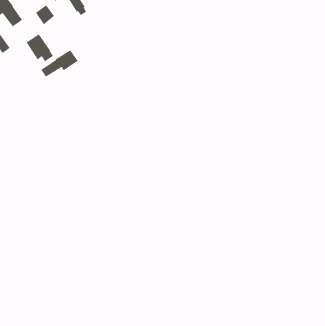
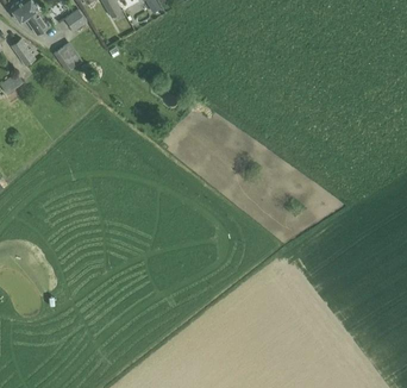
building: [40,50,79,78] -> none

